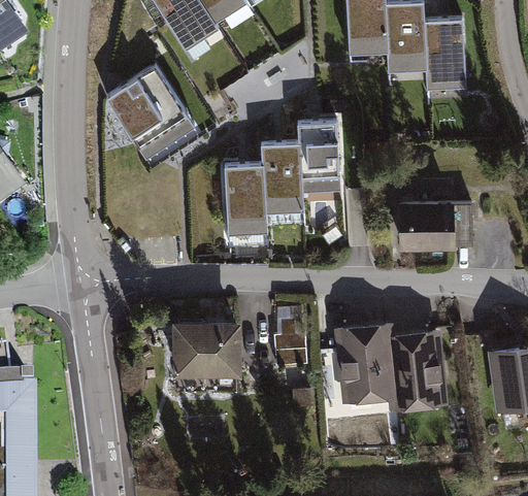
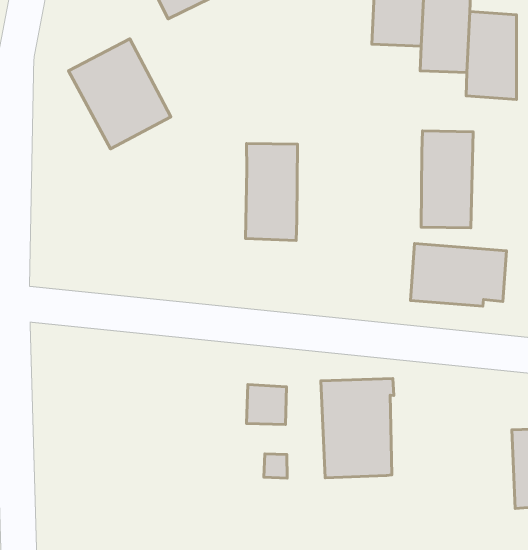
building: [295,120,340,199] -> [421,131,473,228]
building: [219,163,263,240] -> none
building: [172,317,239,388] -> none
building: [388,325,446,408] -> none

